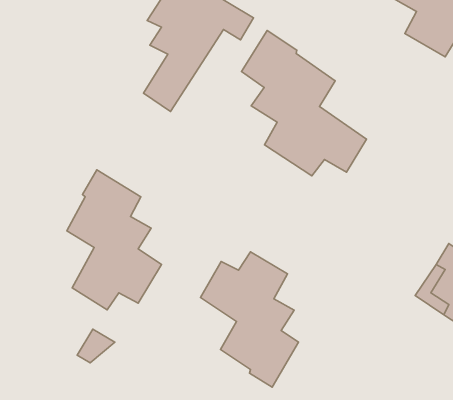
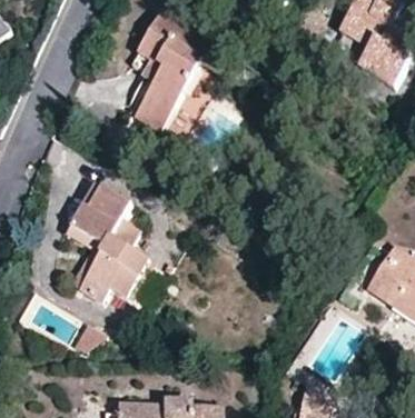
building: [242,30,367,176] -> none
building: [200,252,298,387] -> none

